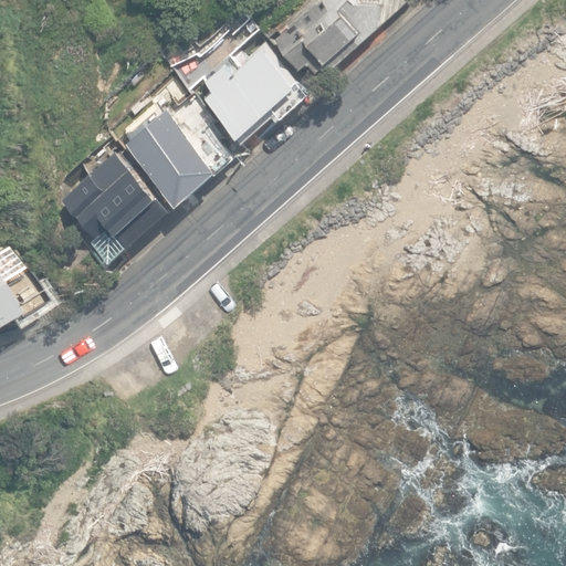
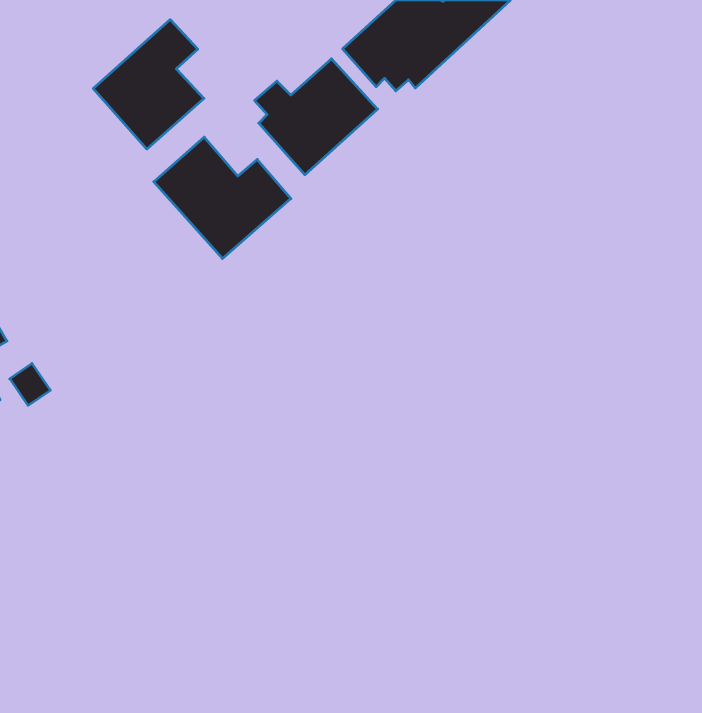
building: none -> [93,20,204,149]
building: [60,151,168,265] -> none

